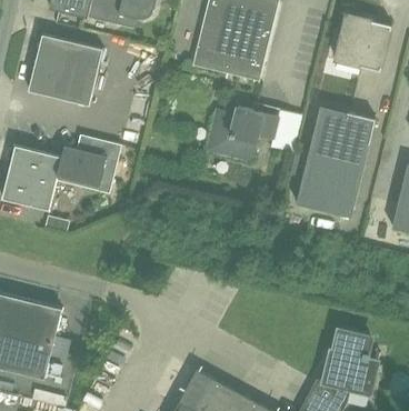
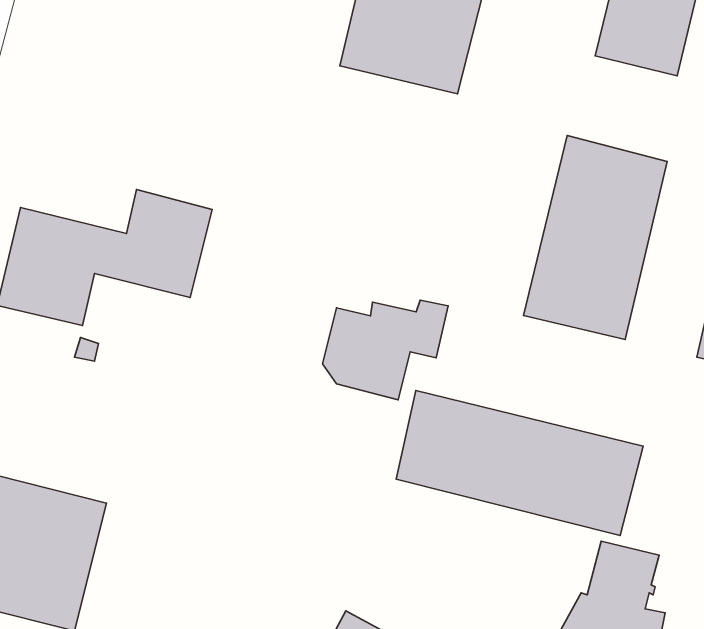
building: [28,34,102,107] -> none
building: [209,106,279,161] -> [323,300,448,400]
building: none -> [396,391,643,535]

